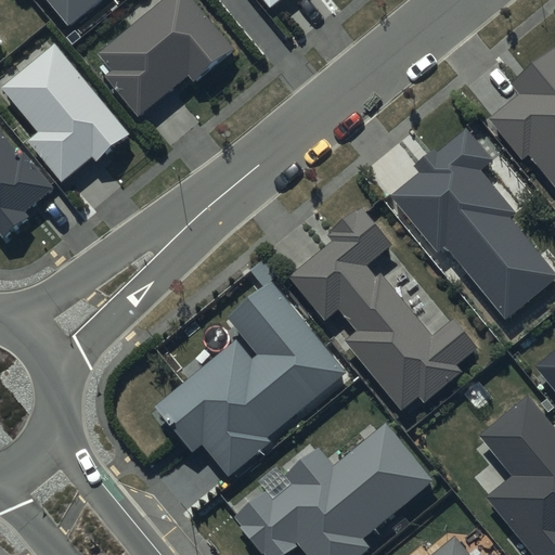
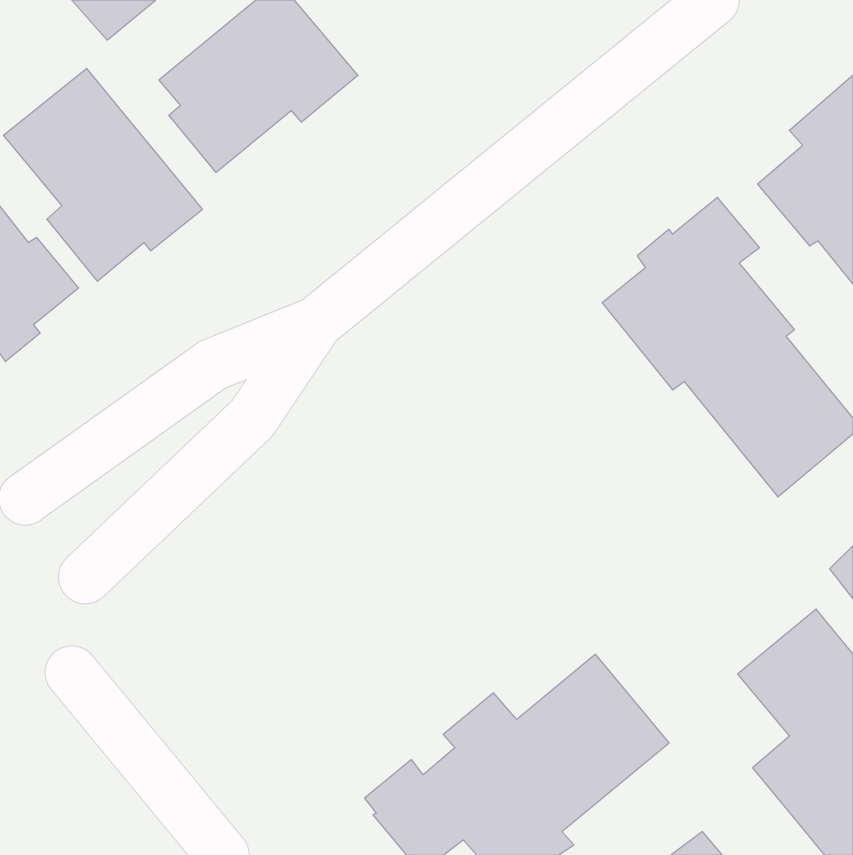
building: [291,207,479,411] -> none
building: [153,283,346,477] -> none

